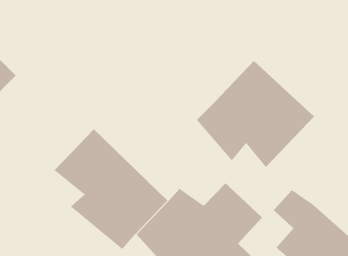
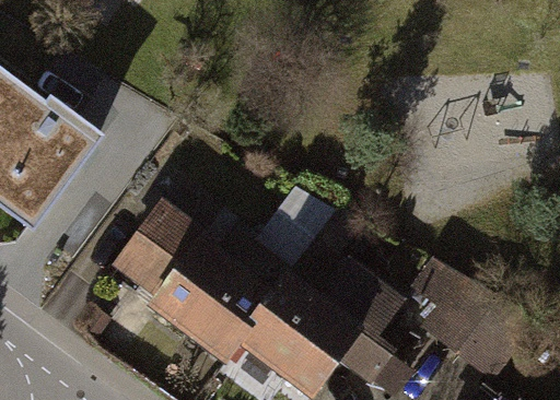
building: [196,60,315,168] -> none

